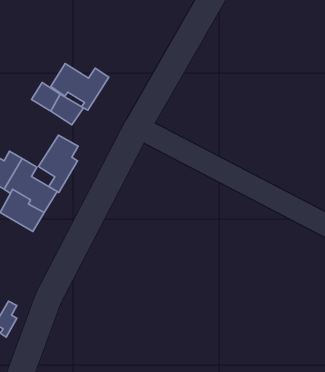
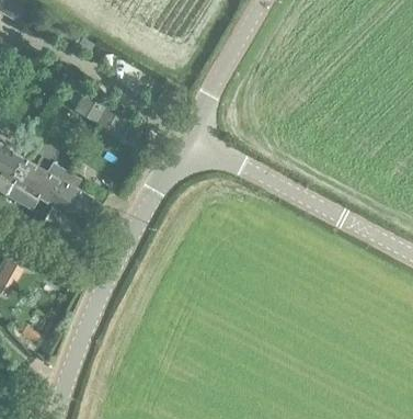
building: [51,63,109,110] -> none
building: [39,135,78,192] -> none

